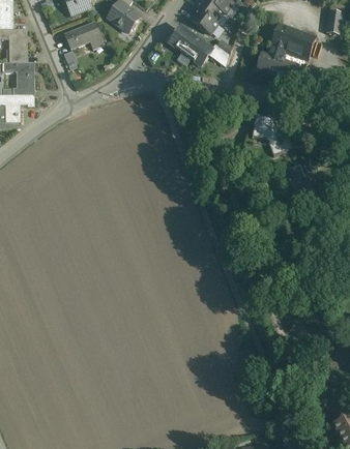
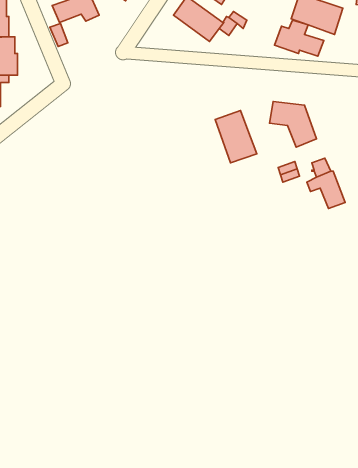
building: none -> [215,111,257,163]

